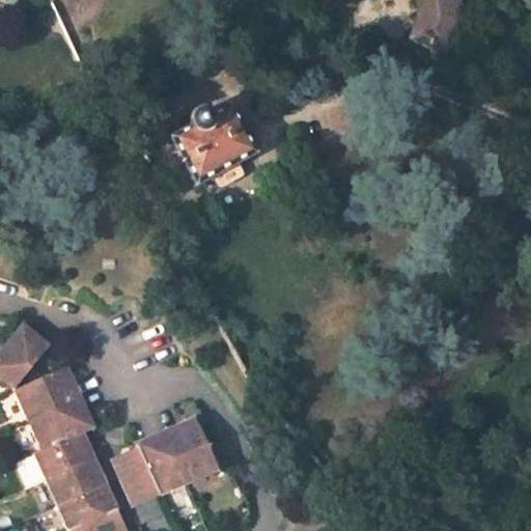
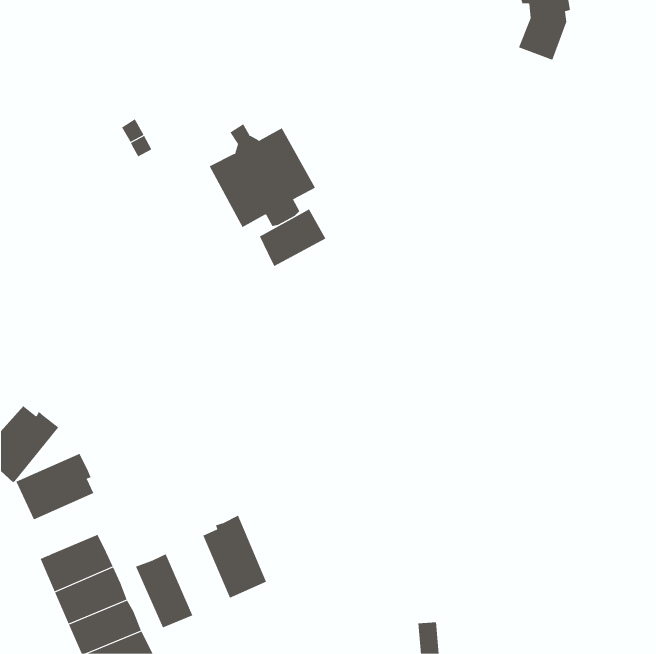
building: none -> [259,208,326,267]
building: [29,397,93,447] -> none
building: [135,431,187,496] -> none

